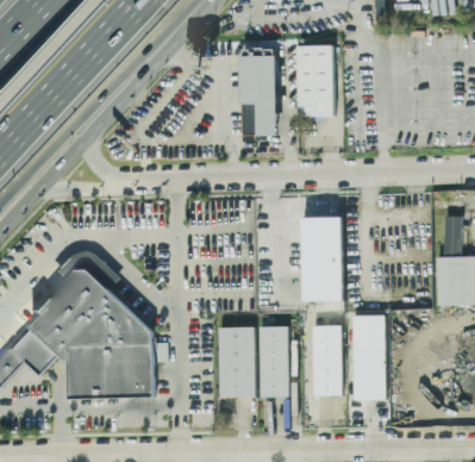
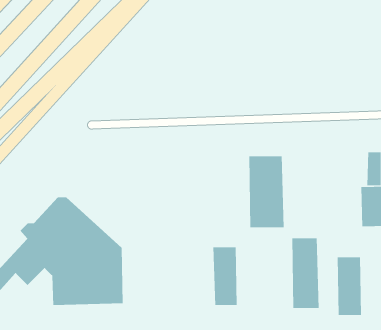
building: [296,43,335,116] -> none
building: [240,54,279,135] -> none
building: [313,326,343,397] -> [337,257,362,316]
building: [219,327,256,399] -> none

